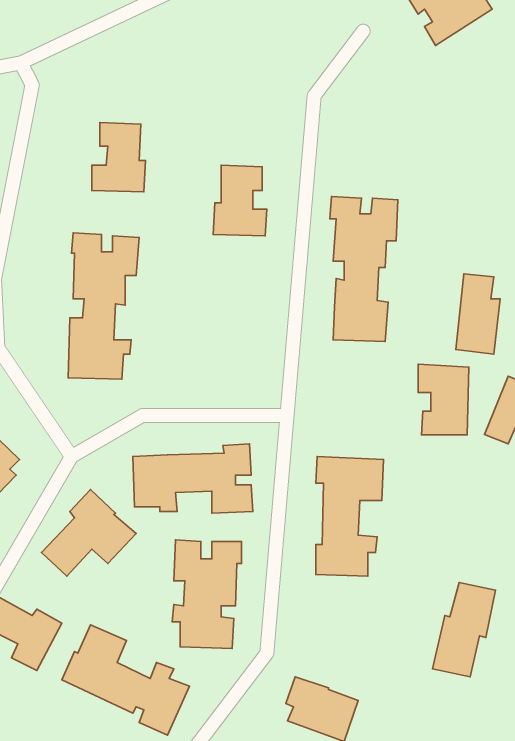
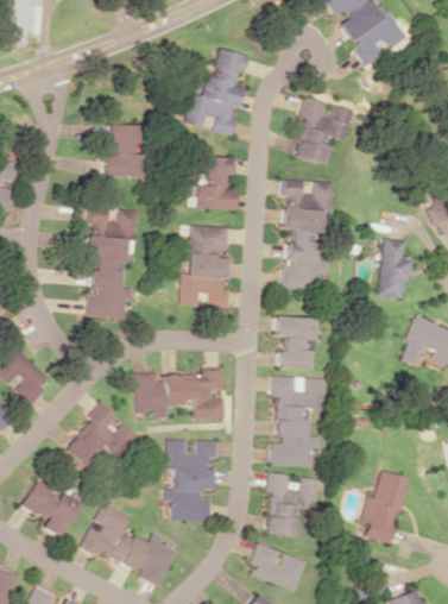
building: none -> [187,49,247,134]
building: none -> [296,96,354,164]
building: none -> [179,225,231,306]
building: [418,364,469,435] -> [277,315,315,369]
building: none -> [266,472,318,536]

